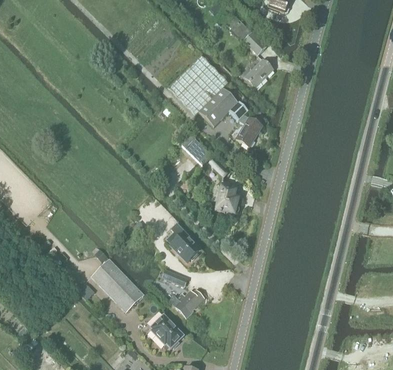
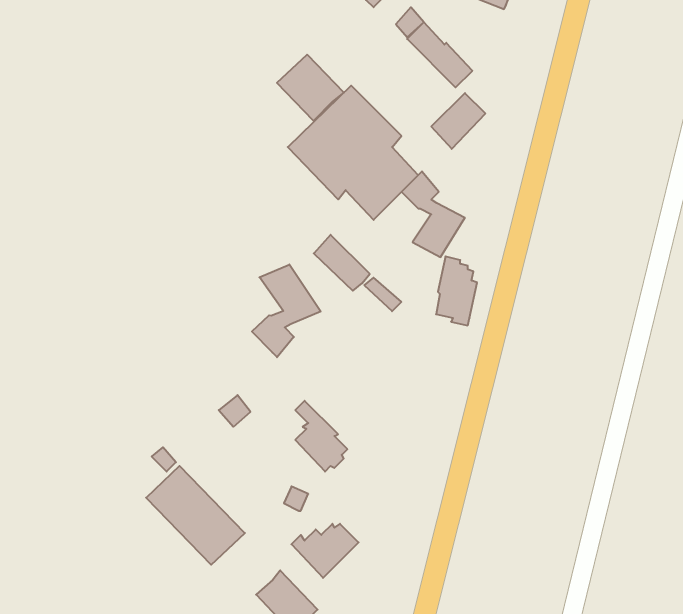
building: none -> [277,55,344,121]
building: none -> [252,264,321,357]
building: [217,183,239,220] -> [436,256,477,325]

